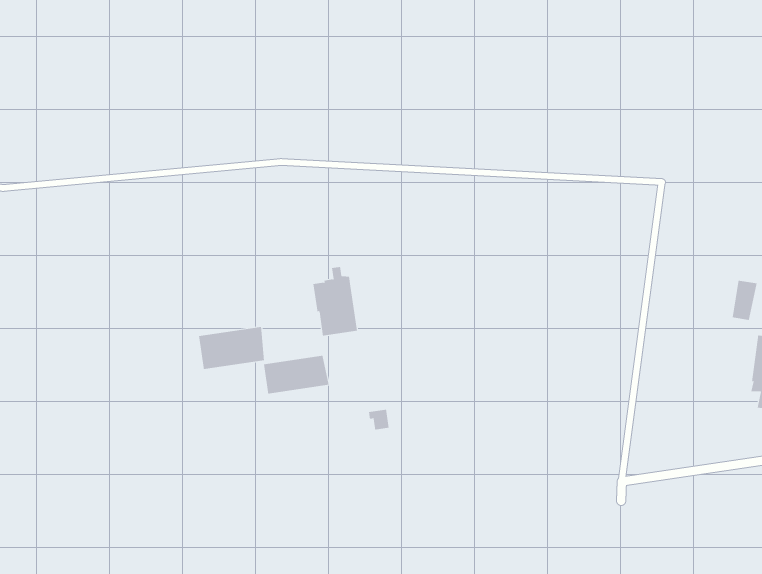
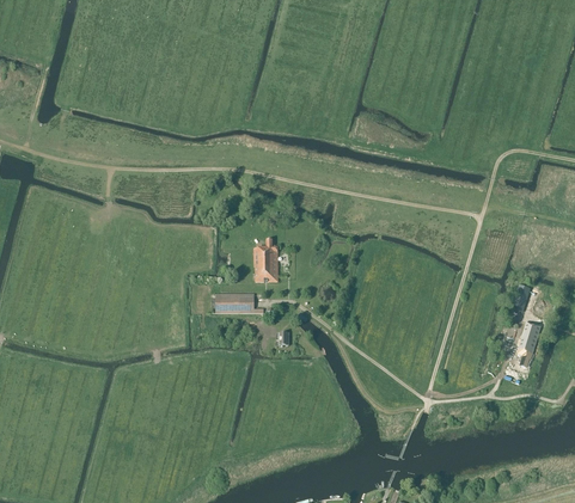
building: [198,326,265,370] -> none

